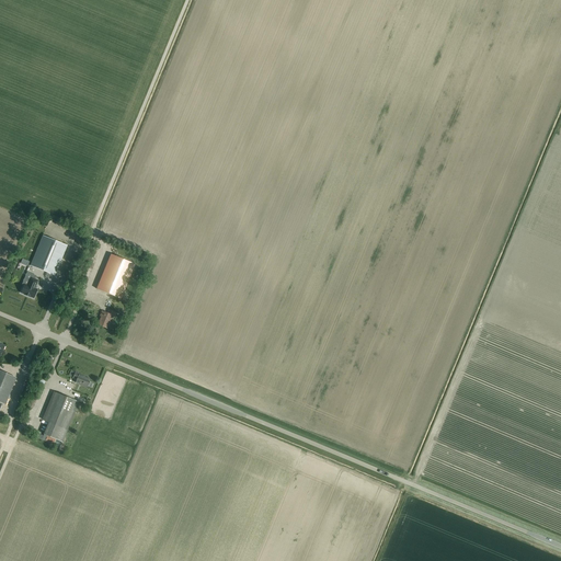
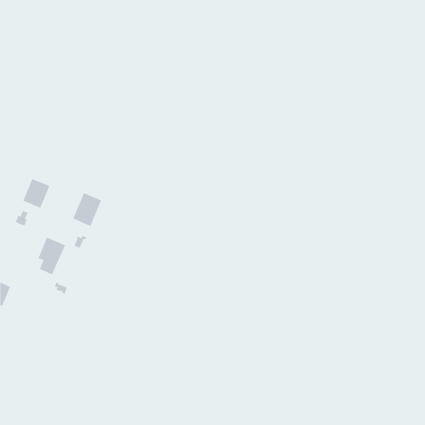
building: [41,390,78,440] -> [37,237,66,275]

